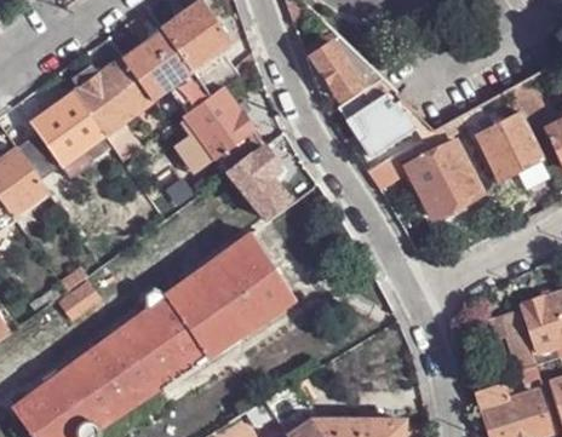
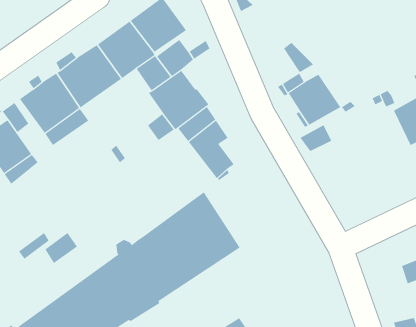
building: [312,42,361,99] -> none
building: [406,142,481,219] -> none

